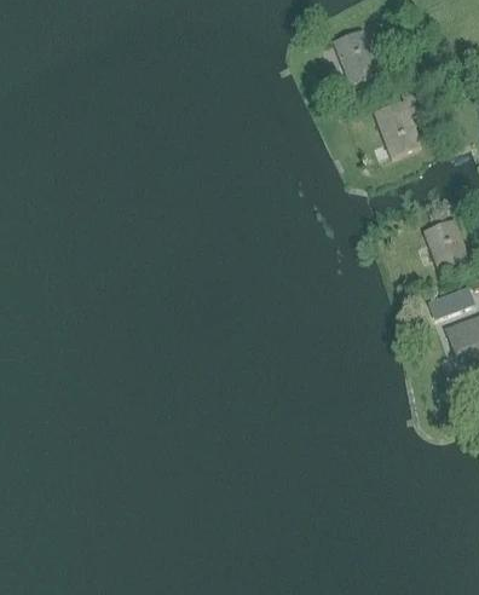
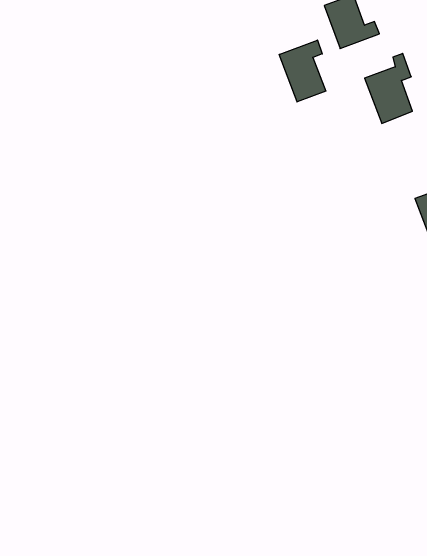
building: none -> [279,40,326,102]

